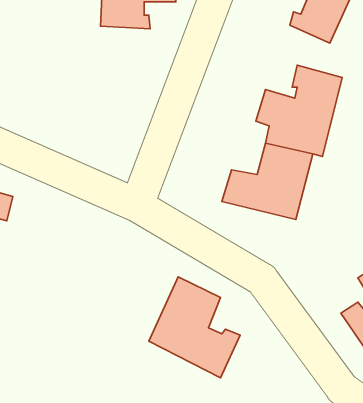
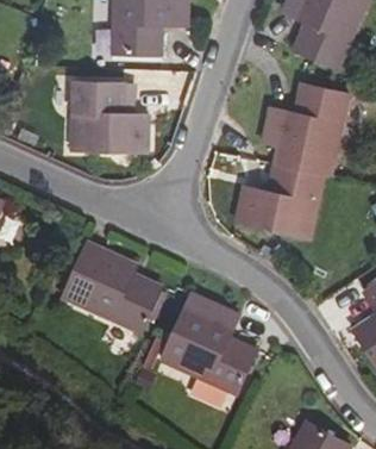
building: none -> [67,85,142,151]
building: none -> [57,244,153,331]

